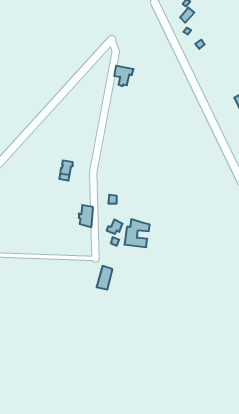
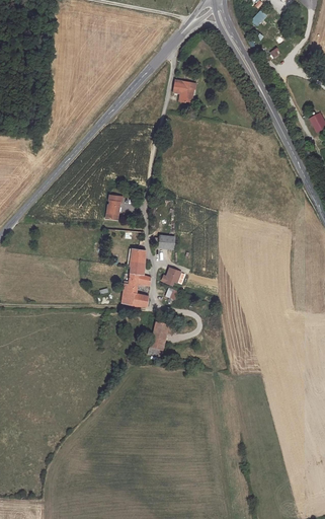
building: [124,219,150,247] -> [121,272,152,305]

